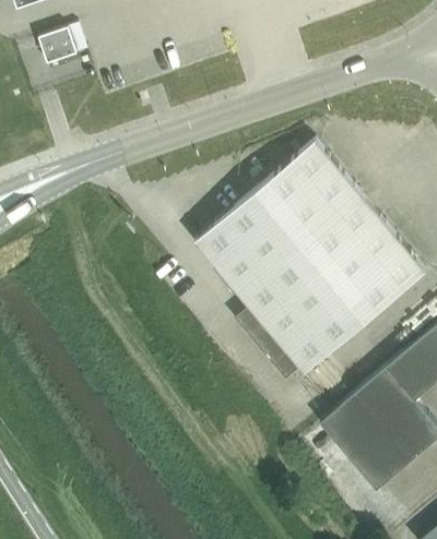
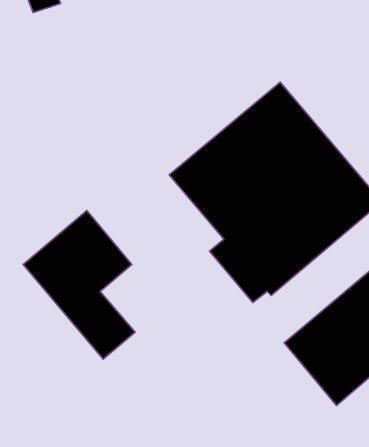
building: none -> [23,211,135,359]

